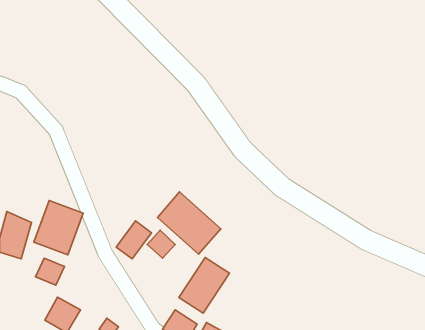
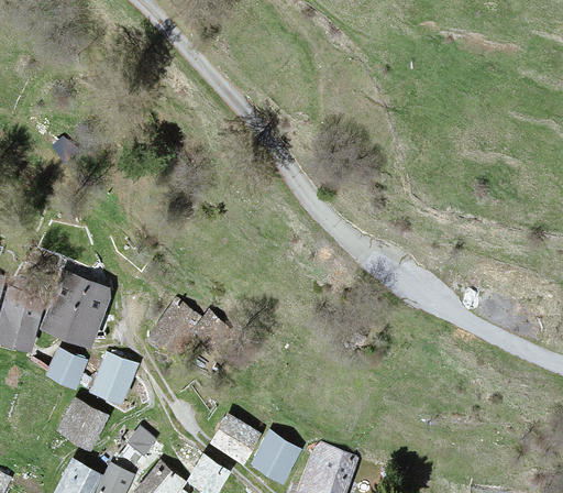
building: [157,192,221,254] -> none
building: [179,257,229,313] -> none
building: none -> [93,355,135,402]

